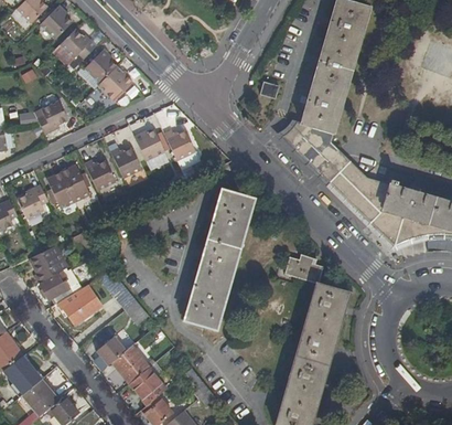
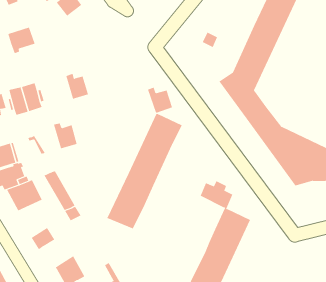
building: [96,71,130,105] -> none
building: [160,135,193,166] -> [147,87,173,113]
building: [131,136,161,166] -> none
building: [80,164,112,195] -> [53,123,78,149]
building: [111,346,149,381] -> none

